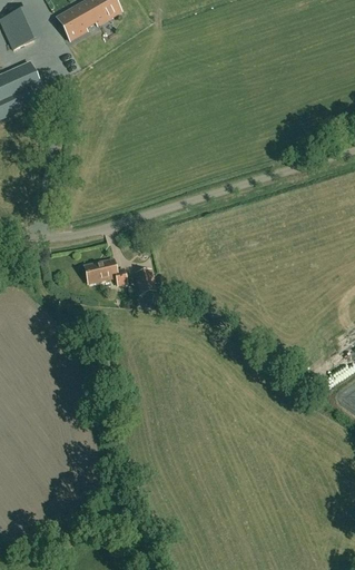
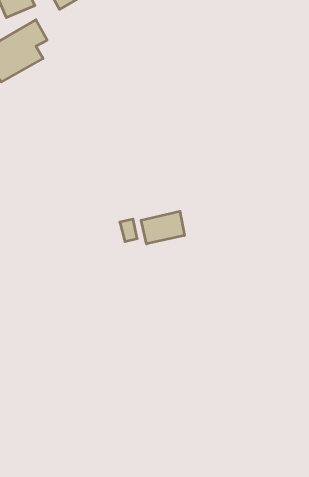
building: [85,258,127,284] -> none
building: none -> [141,211,184,244]

